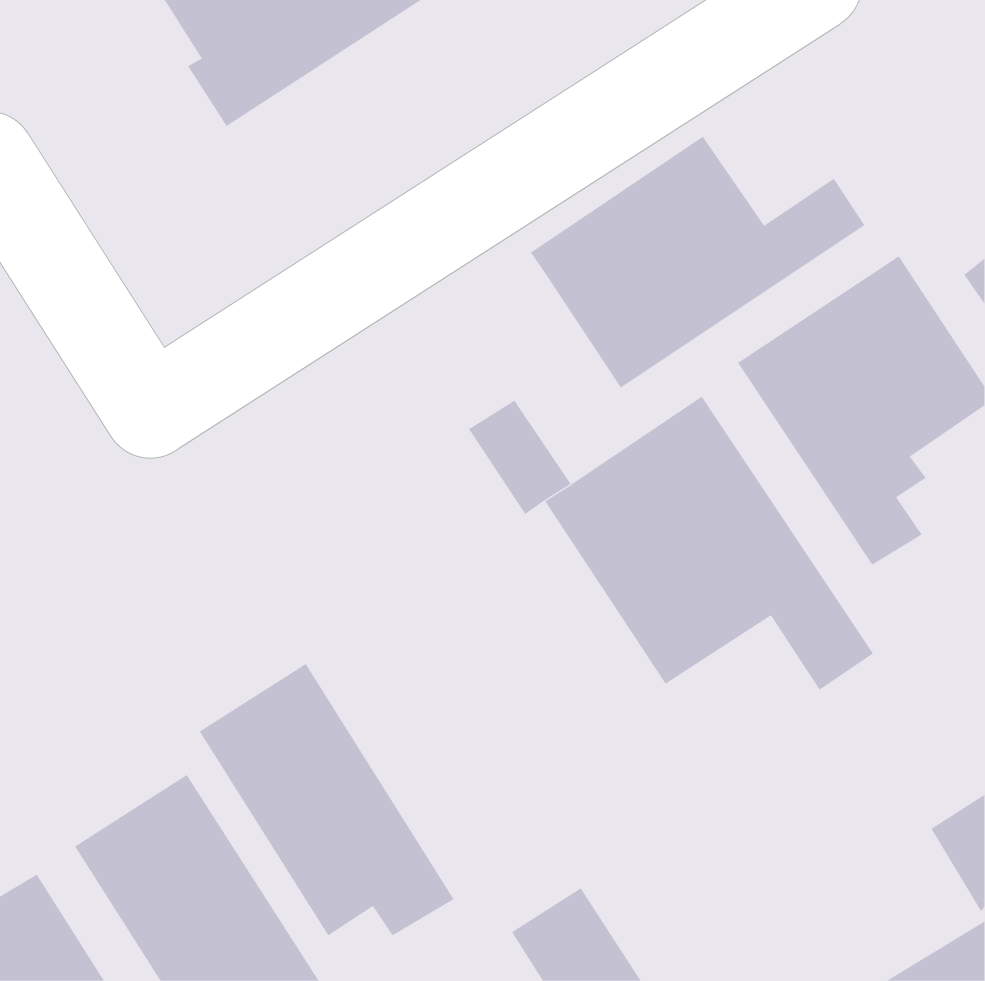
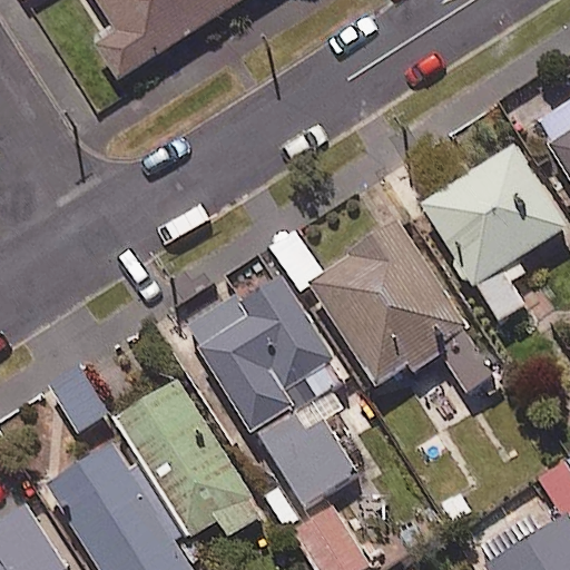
building: [530,136,865,388] -> none
building: none -> [187,281,353,502]

